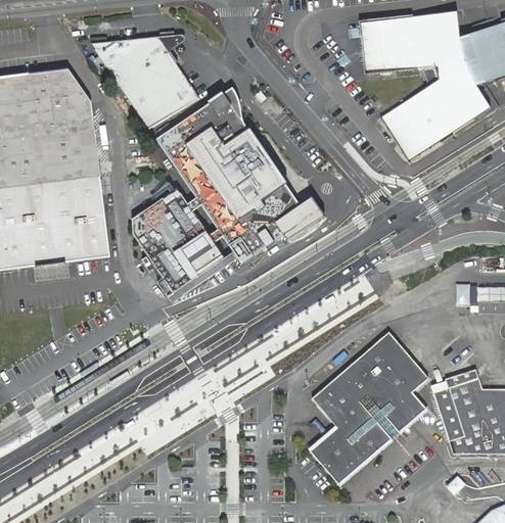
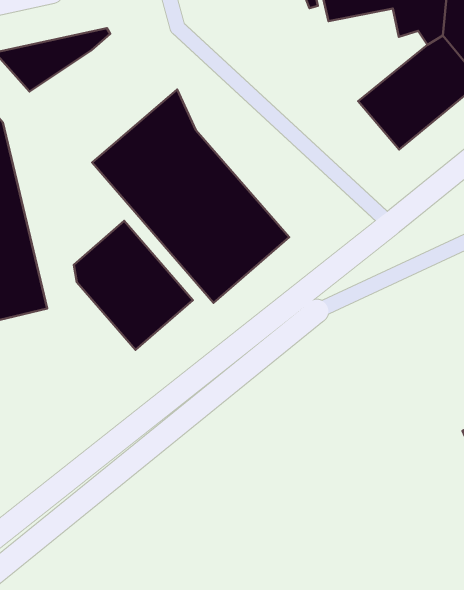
building: [363,44,418,73] -> none
building: [114,49,200,126] -> none
building: [308,327,427,483] -> none

